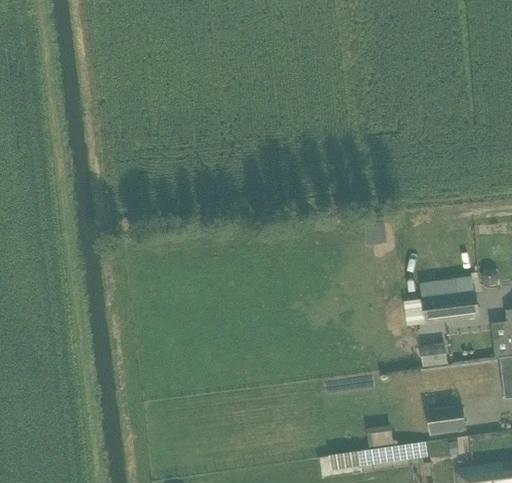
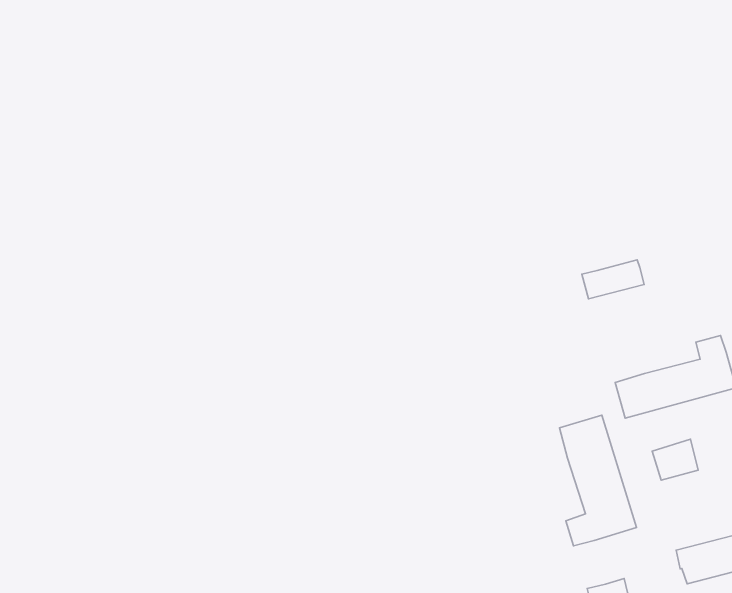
building: [421,279,459,299] -> [582,260,644,299]
building: none -> [559,415,636,546]

